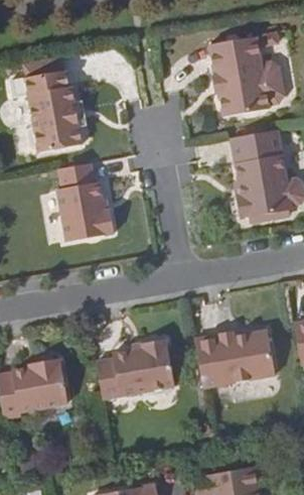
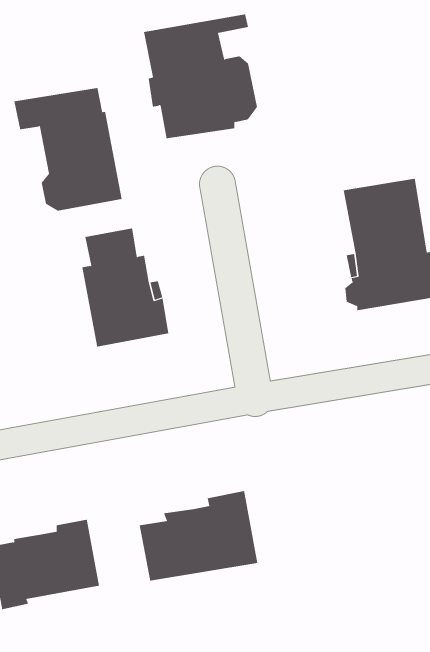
building: [208,33,285,117] -> [143,14,258,139]
building: [194,330,276,387] -> none

